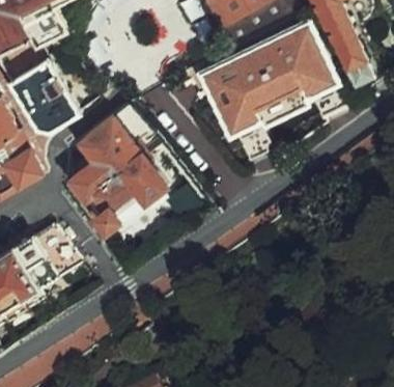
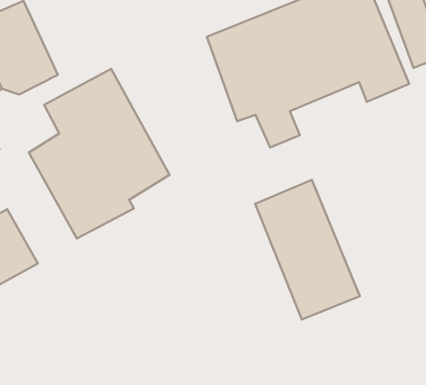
building: none -> [255,180,360,320]

